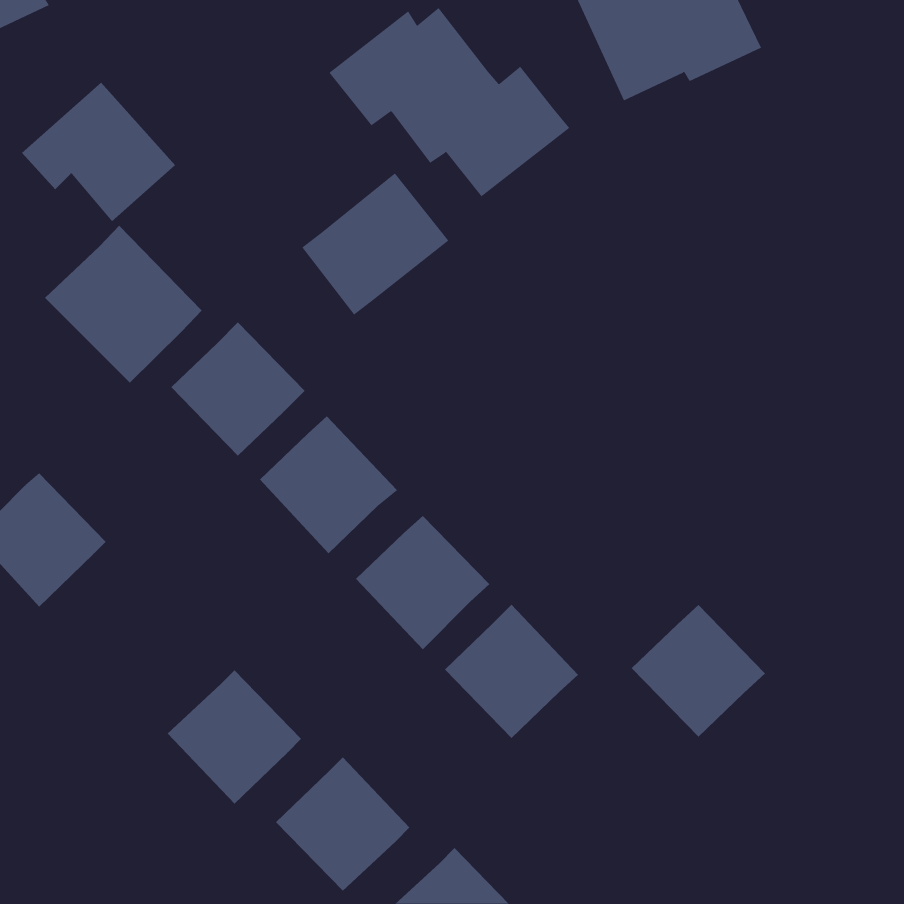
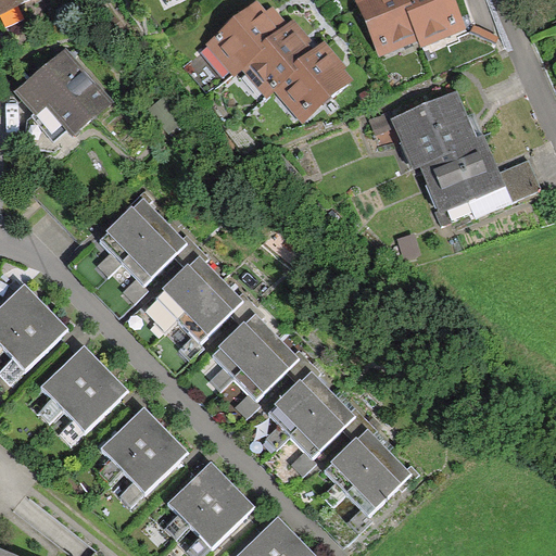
building: none -> [389,90,539,219]
building: [302,173,449,316] -> none
building: [44,225,202,384] -> none
building: none -> [42,351,125,433]
building: [631,604,766,737] -> [328,427,410,508]

